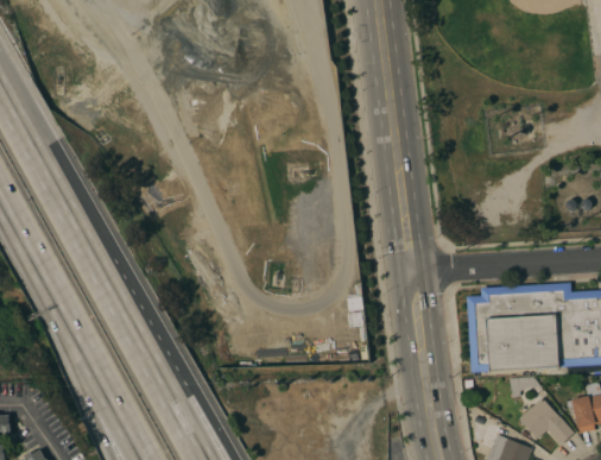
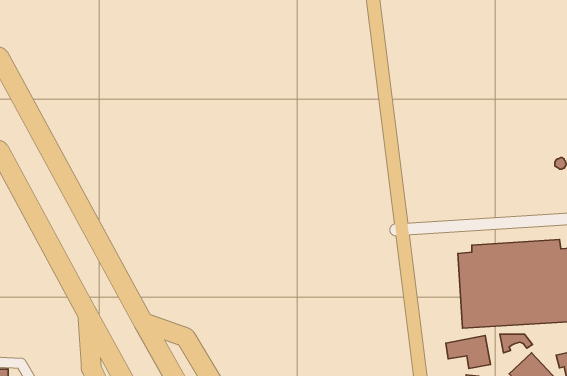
building: none -> [446,335,490,369]

